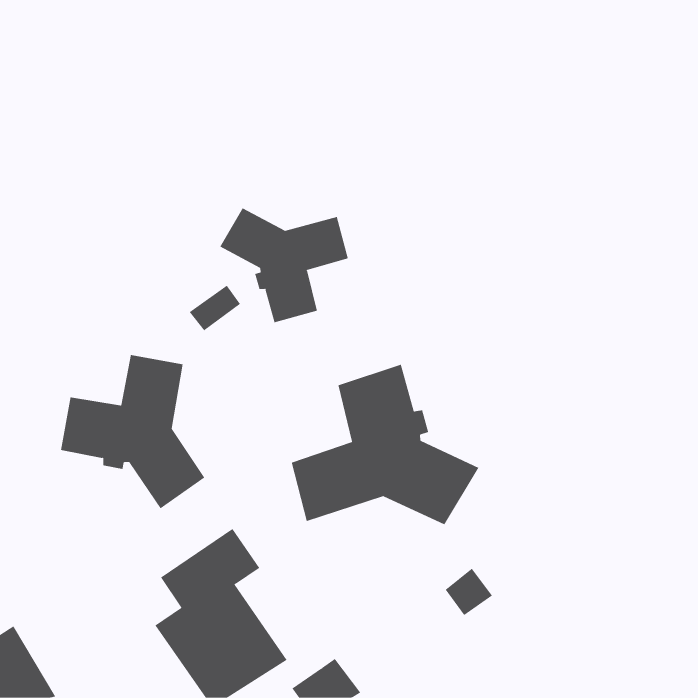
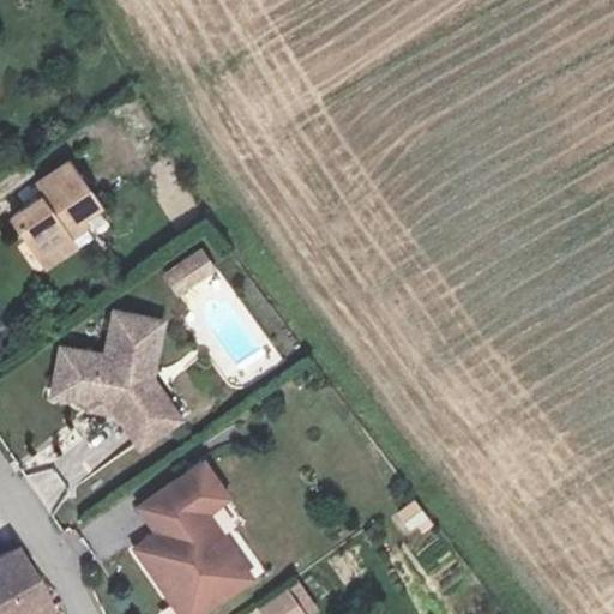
building: none -> [14,167,91,266]
building: [220,207,348,323] -> none
building: [291,364,479,525] -> none

